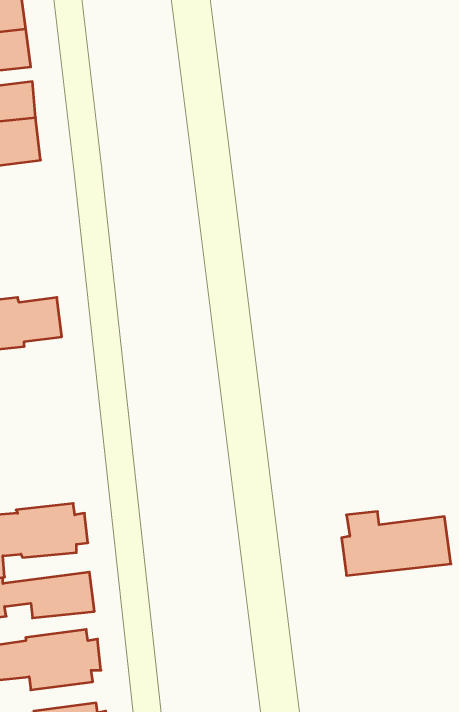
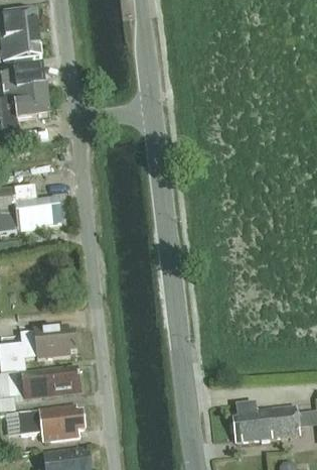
building: [342,512,451,575] -> [232,401,300,441]

